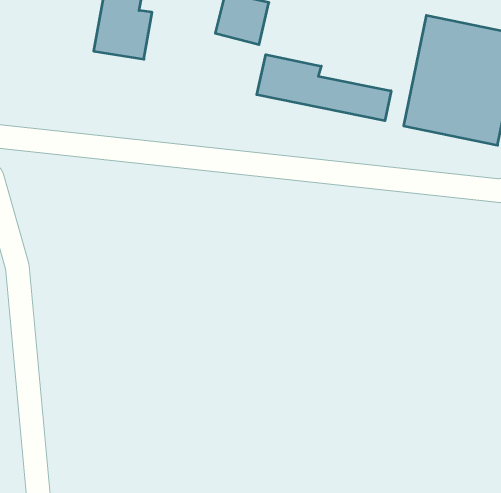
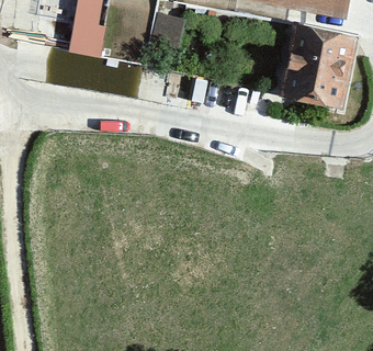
building: [257,55,391,121] -> none

